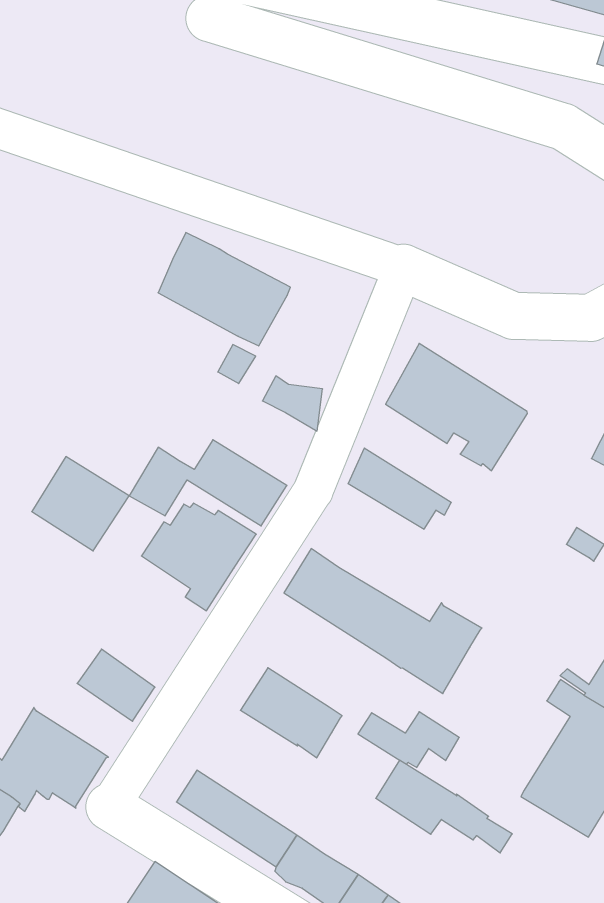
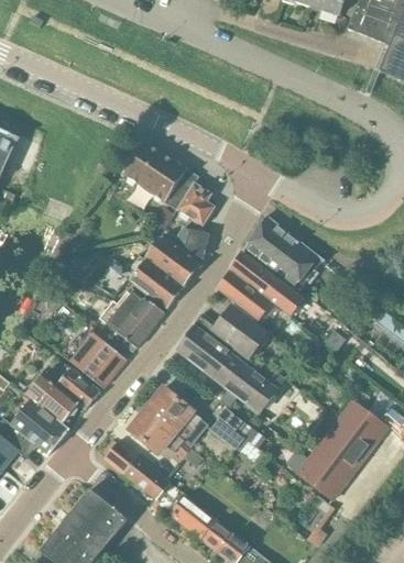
building: none -> [176,183,215,227]
building: none -> [145,239,201,288]
building: none -> [230,252,302,317]
building: [32,457,129,551] -> [72,334,127,388]
building: none -> [194,305,267,360]
building: none -> [26,374,78,423]
building: [376,760,512,853] -> [130,410,204,467]

